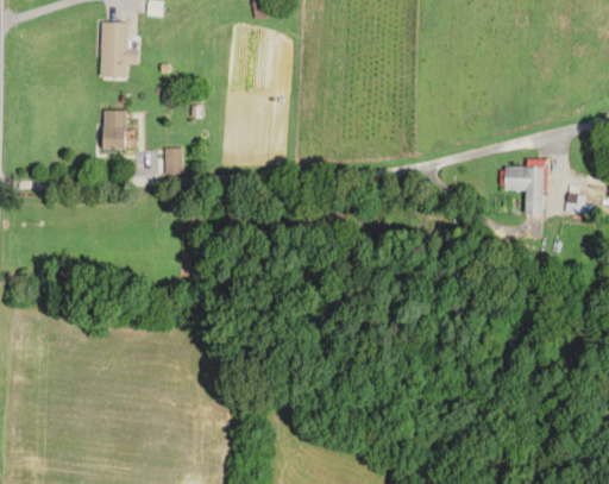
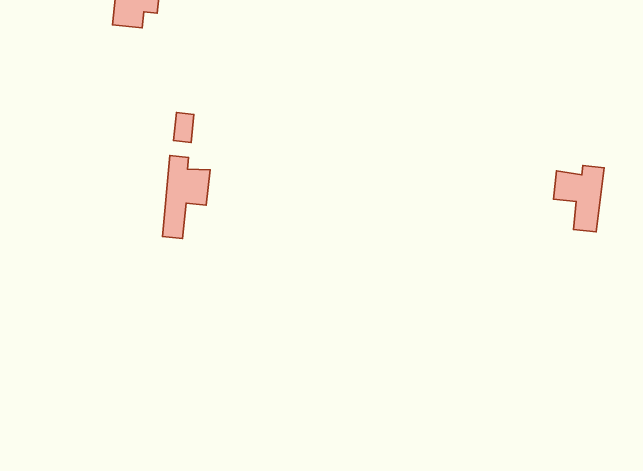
building: [102,111,126,150] -> none
building: none -> [163,155,210,239]

